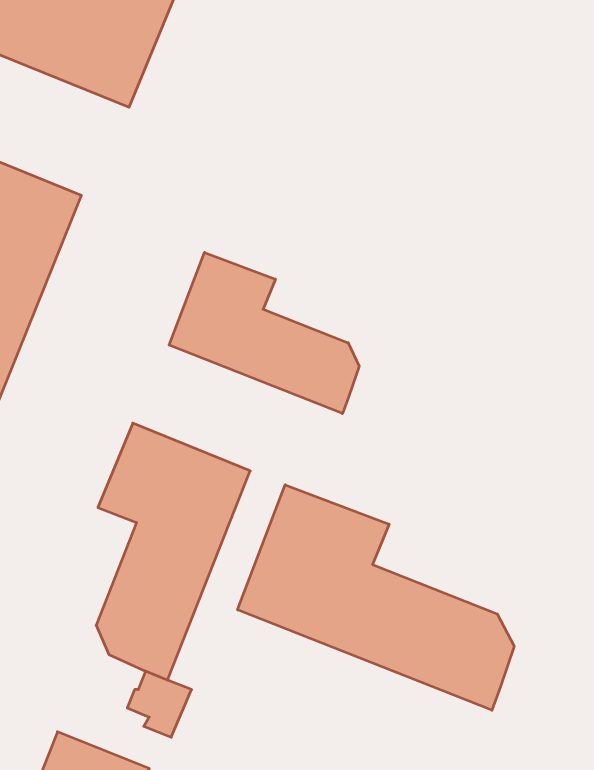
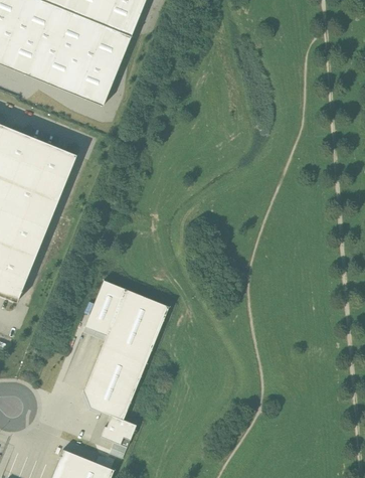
building: [169,252,359,414] -> none
building: [238,485,514,710] -> none

